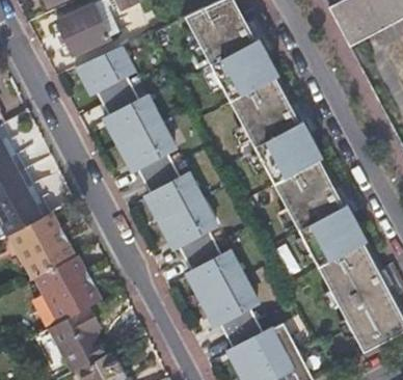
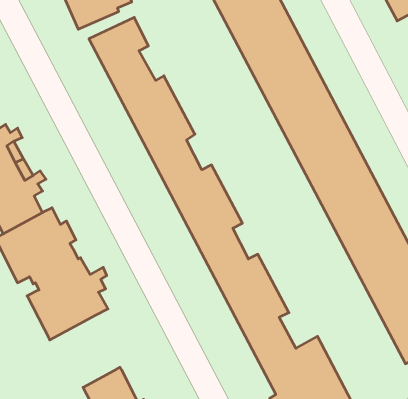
building: [49,304,105,371] -> none

